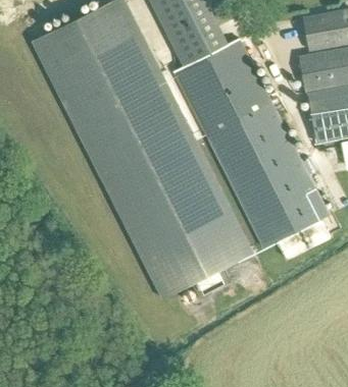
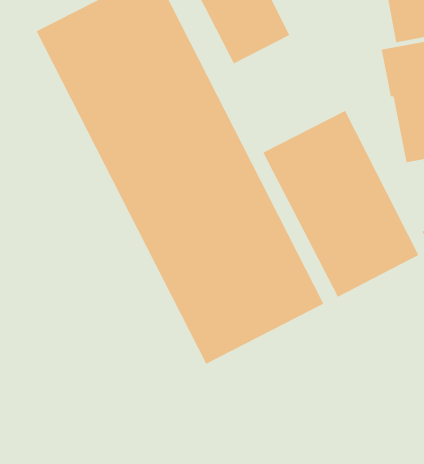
building: [175,39,271,135] -> none

